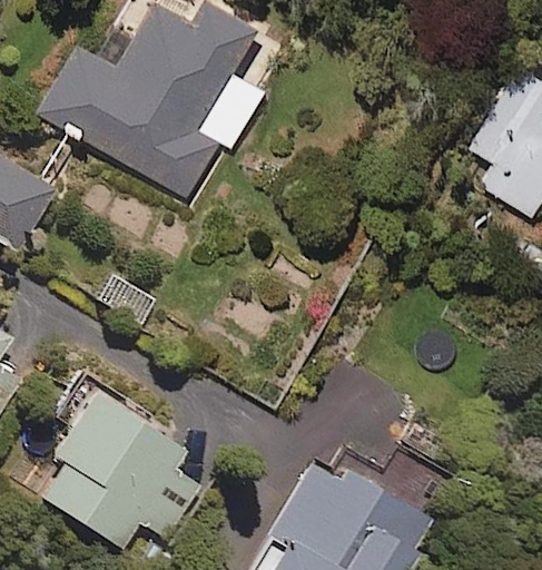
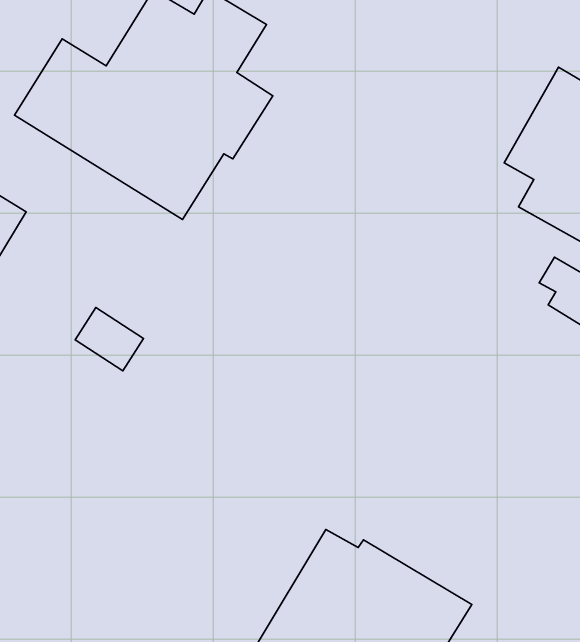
building: [41,383,197,548] -> none

